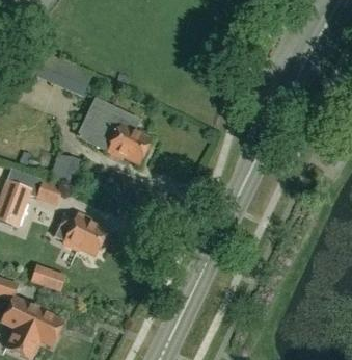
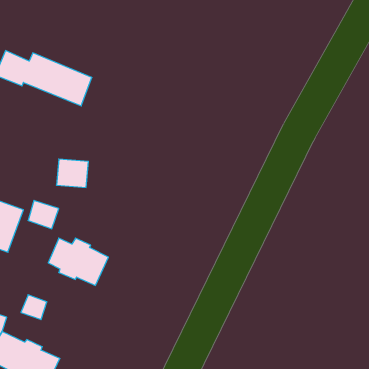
building: [76,98,151,163] -> none

